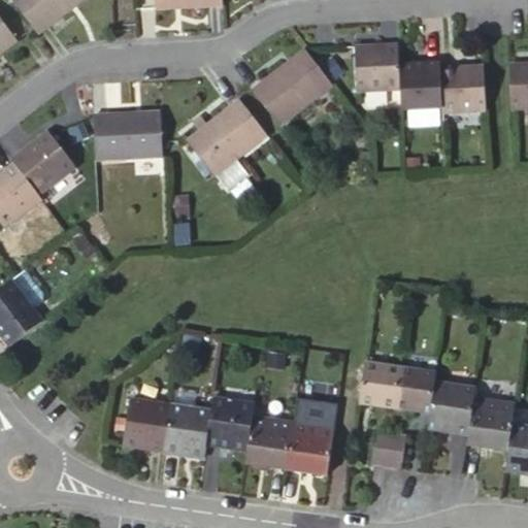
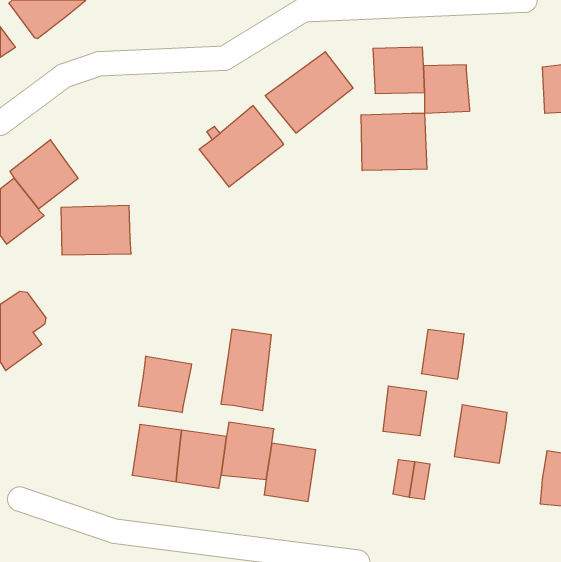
building: [438,63,485,110] -> none
building: none -> [361,113,427,171]
building: [95,111,161,158] -> [61,205,131,255]
building: none -> [138,356,192,413]
building: [395,367,435,414] -> [421,330,464,379]
building: [469,396,517,450] -> none
building: [290,400,337,476] -> [221,329,271,411]

